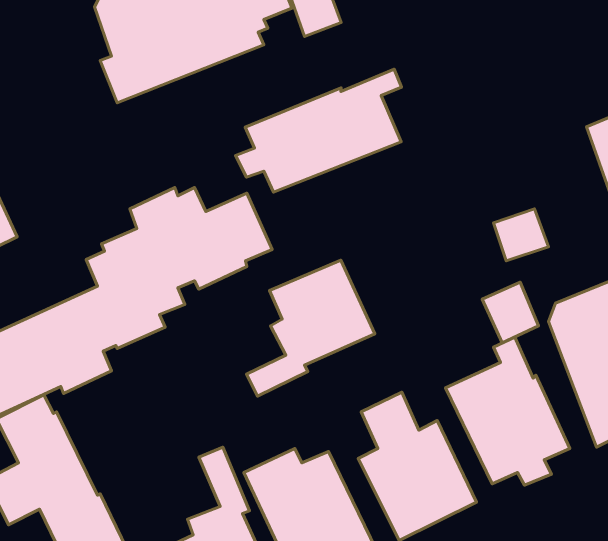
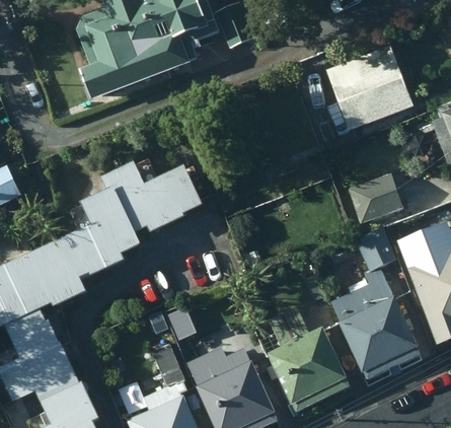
building: none -> [334,69,391,129]
building: [236,69,402,192] -> none
building: [247,260,375,396] -> none

